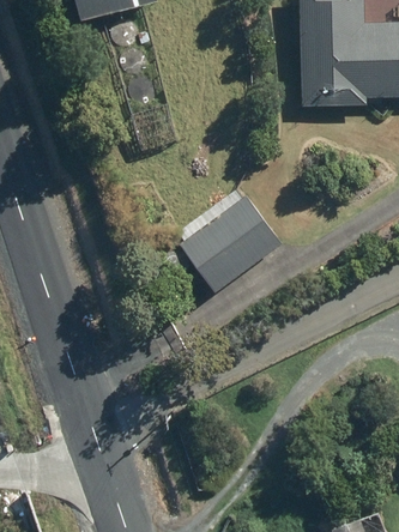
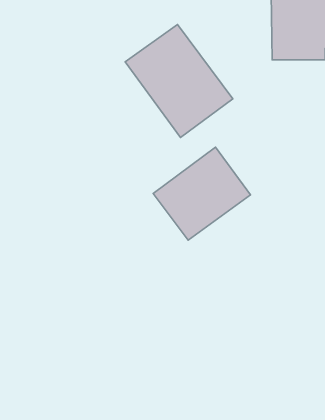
building: none -> [125,24,233,137]

